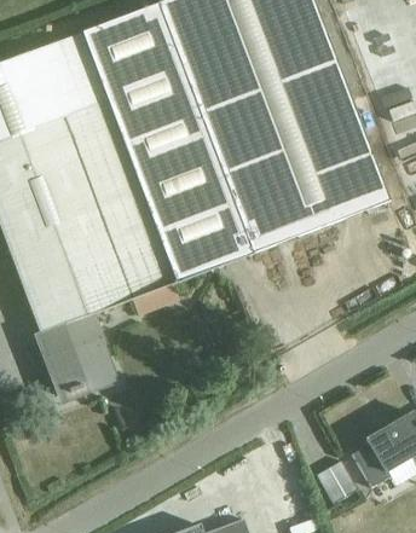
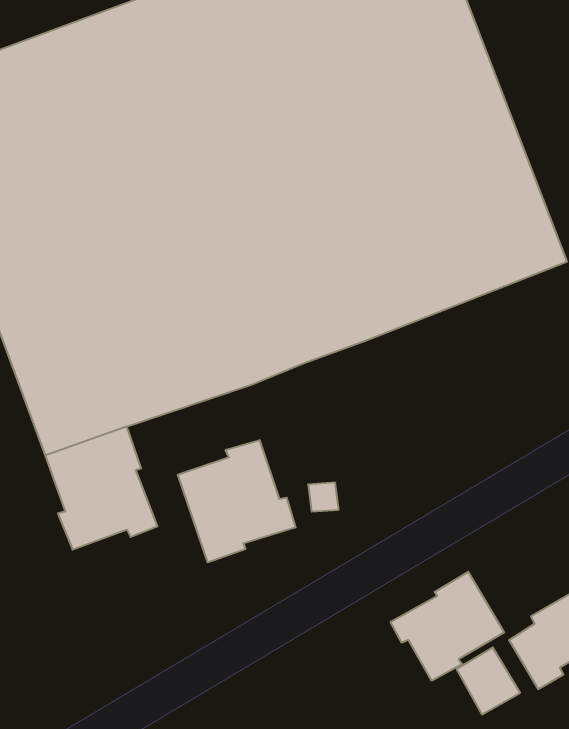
building: none -> [178,440,296,562]
building: none -> [391,572,504,681]

